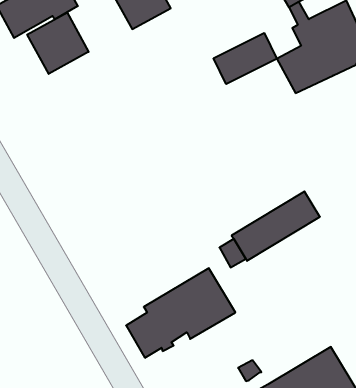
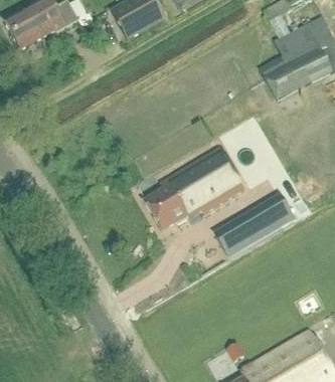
building: [27,12,89,74] -> none
building: [214,33,277,84] -> none
building: [126,268,235,358] -> [144,148,243,229]

